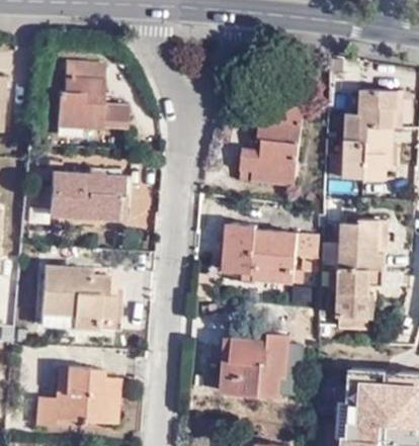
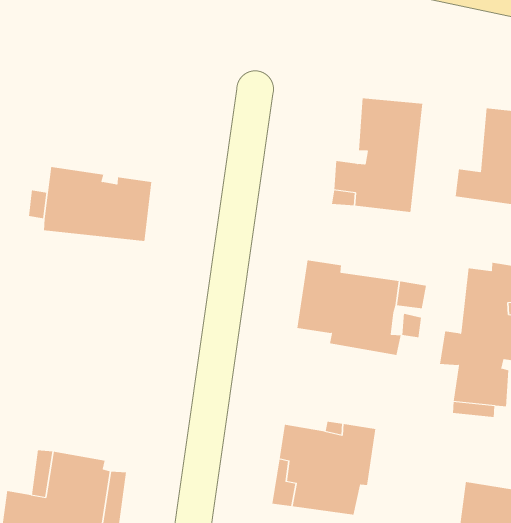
building: [54,62,123,129] -> none
building: [39,265,113,329] -> none

